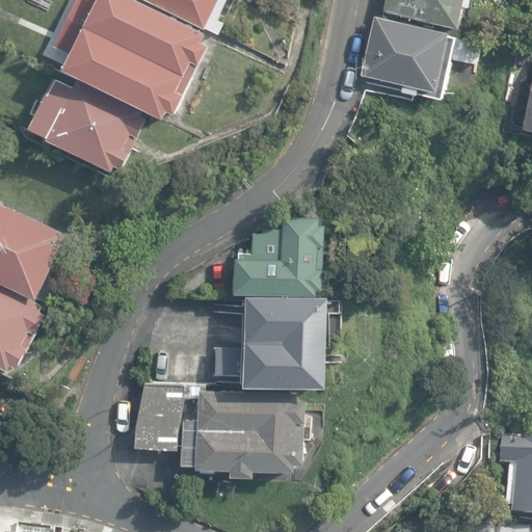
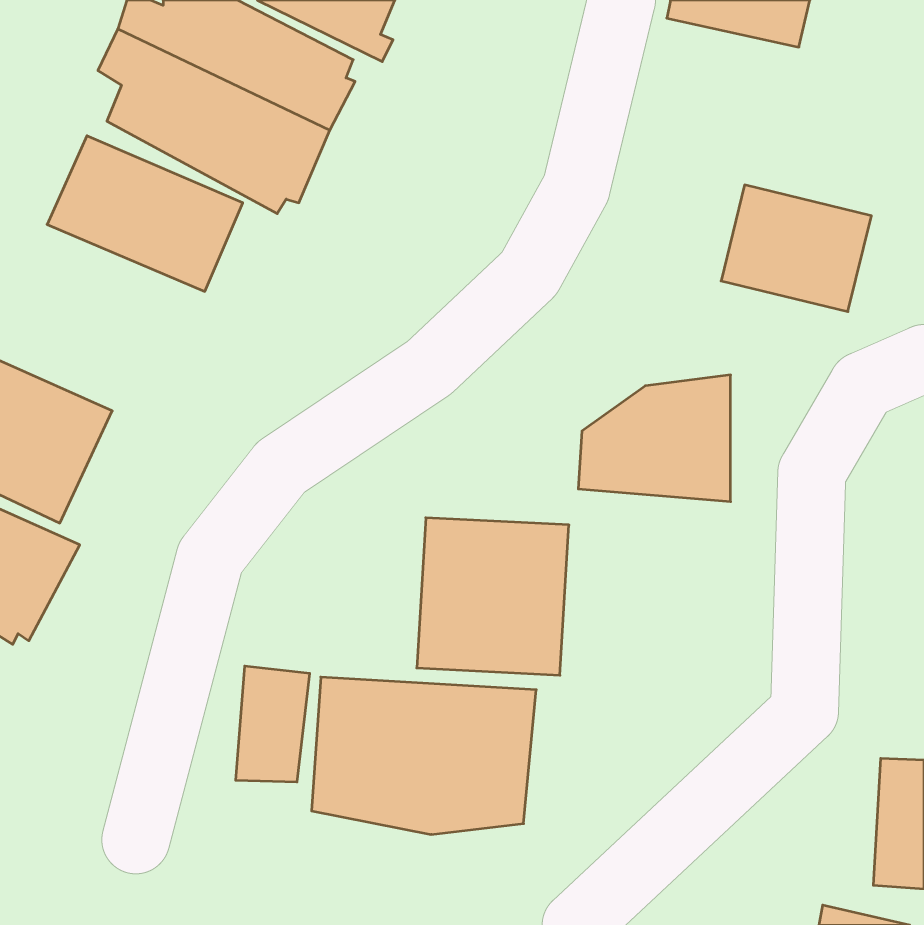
building: [365,19,451,91] -> [721,185,871,312]
building: [236,219,323,292] -> [578,375,731,502]

